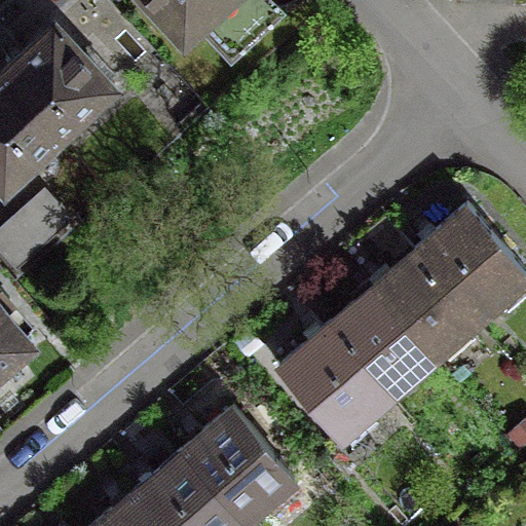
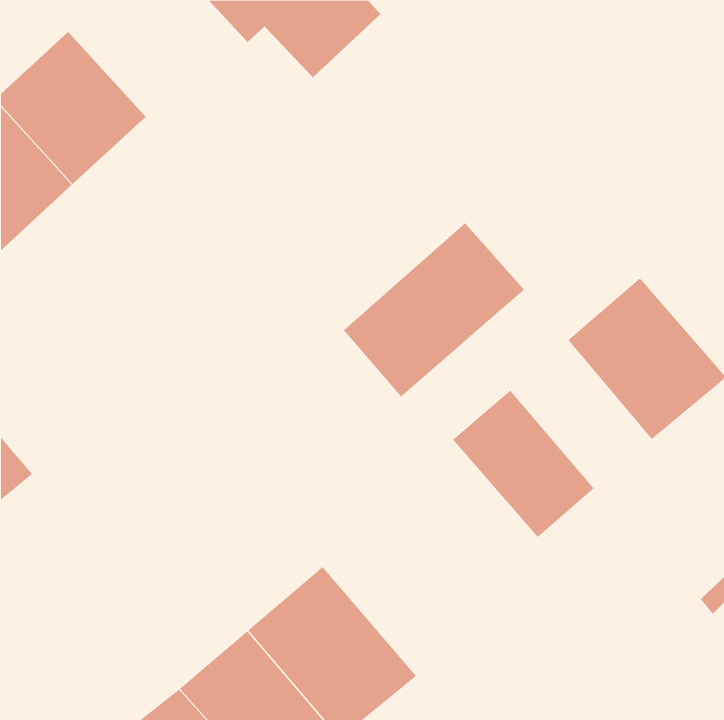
building: none -> [343,222,525,398]
building: [371,251,473,358] -> none
building: [275,323,391,439] -> none

